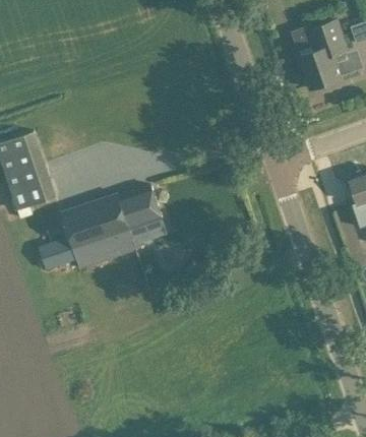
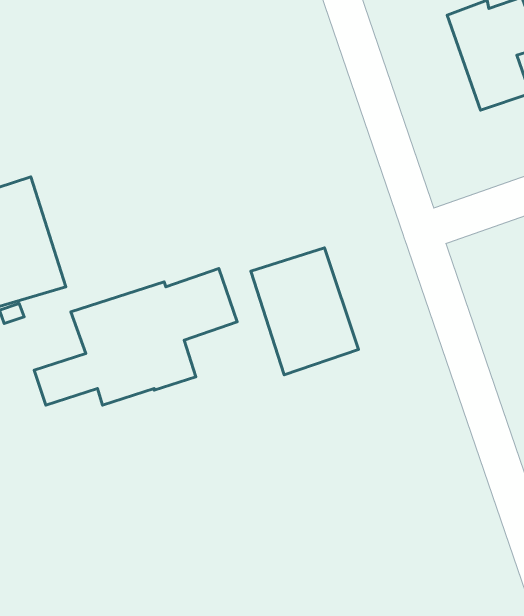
building: none -> [251,248,358,375]

